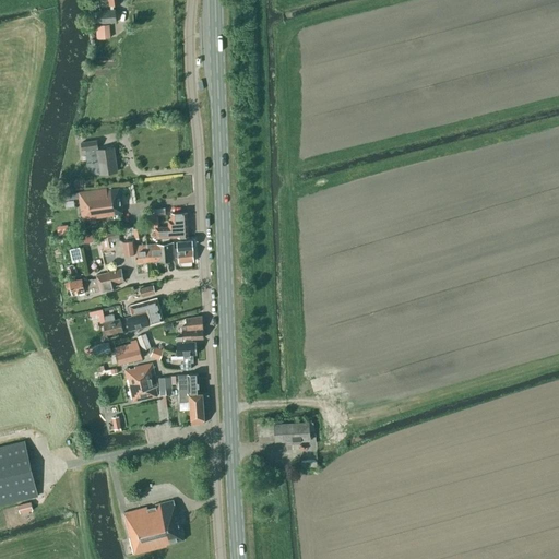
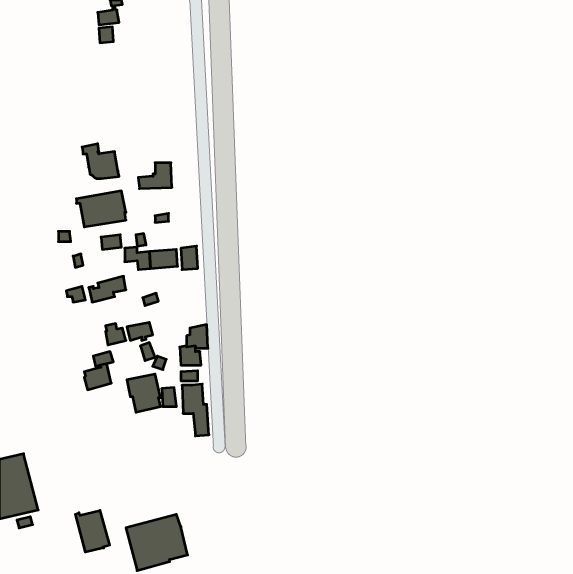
building: [154,213,187,238] -> [138,163,172,189]
building: [129,298,162,324] -> none
building: [114,340,140,365] -> [84,364,111,390]
building: [272,423,309,442] -> none
building: none -> [75,510,110,552]

